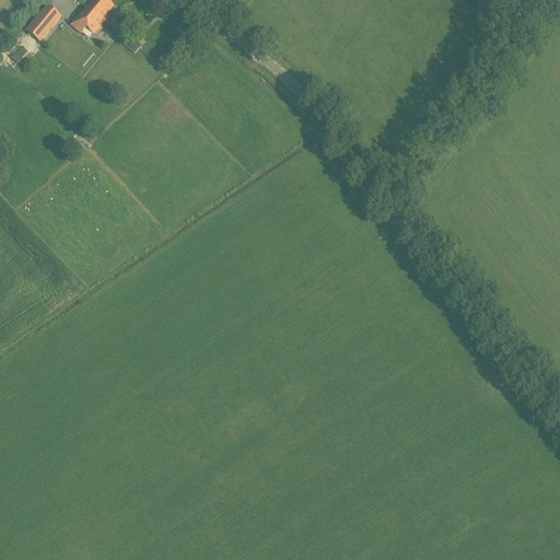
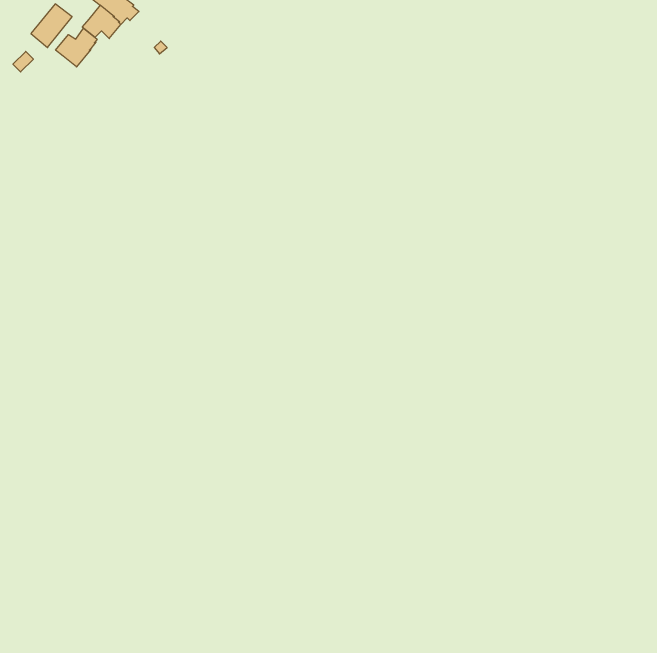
building: none -> [56,28,97,67]

